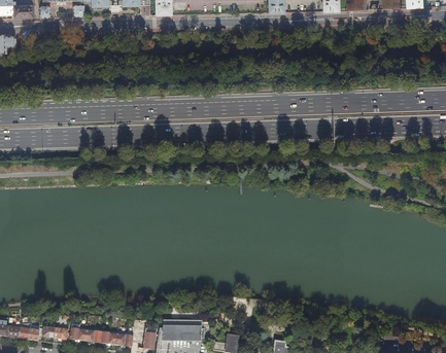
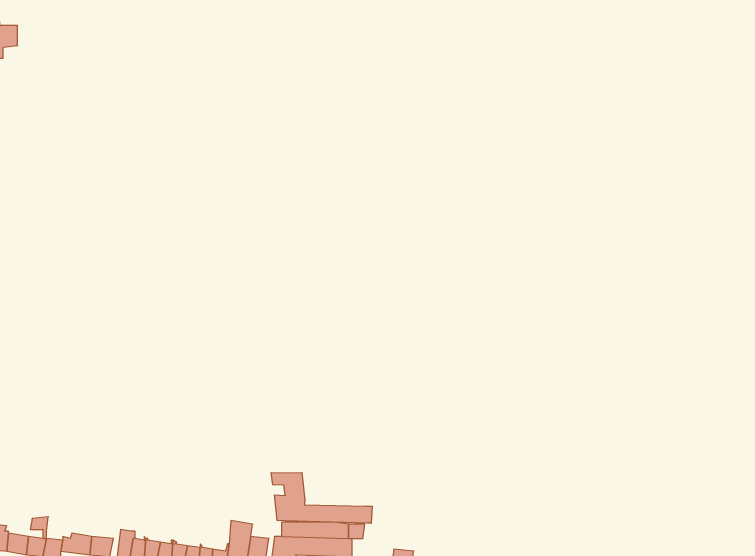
building: none -> [271,472,372,523]

